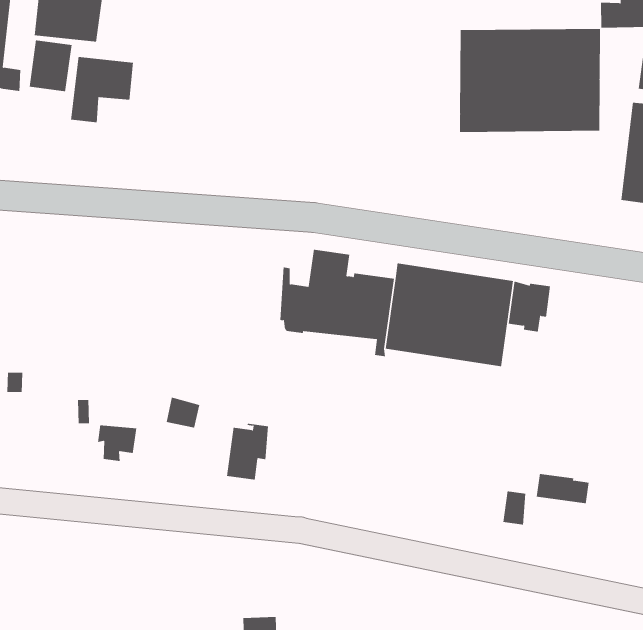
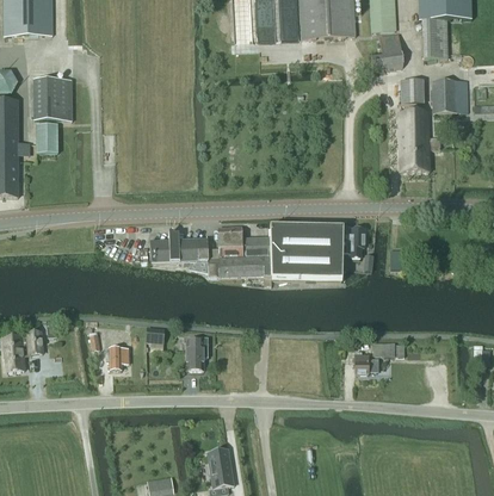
building: [459,28,600,133] -> none
building: [71,56,133,123] -> none
building: none -> [149,229,204,271]

